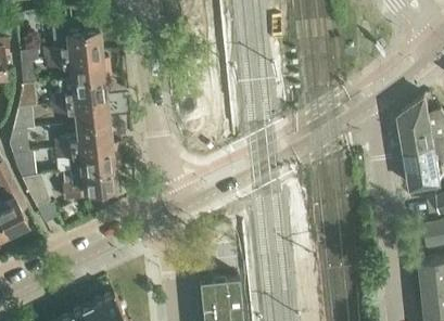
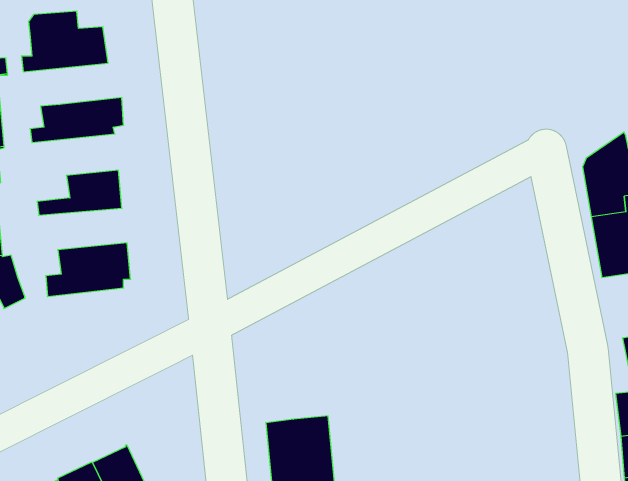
building: [48,55,110,81] -> none
building: [53,100,107,126] -> none
building: [58,146,119,172] -> none

